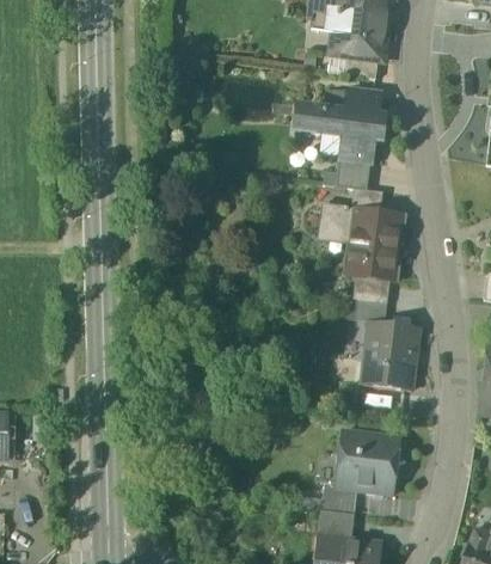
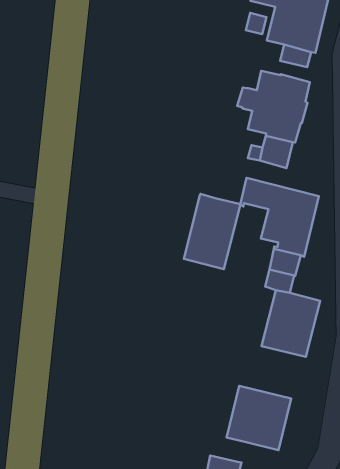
building: none -> [184,194,240,269]
building: [319,483,356,513] -> none

